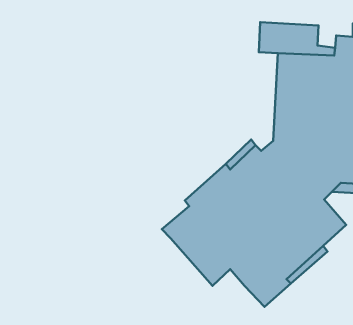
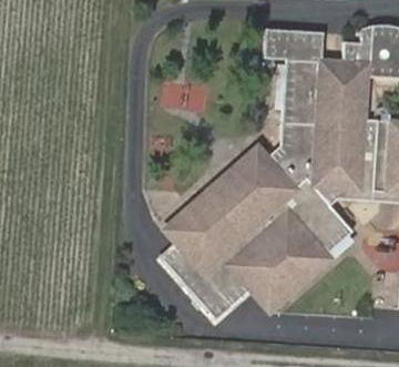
building: none -> [161,244,252,322]

